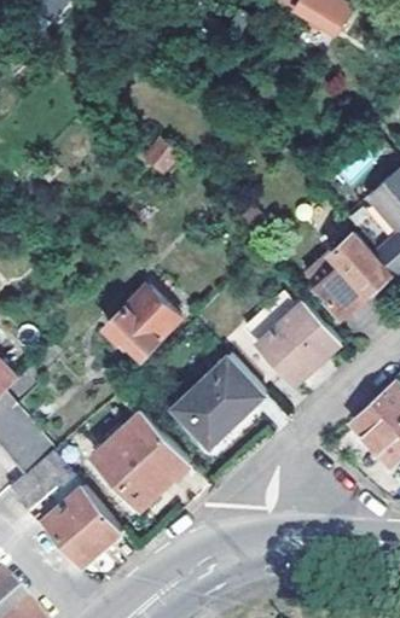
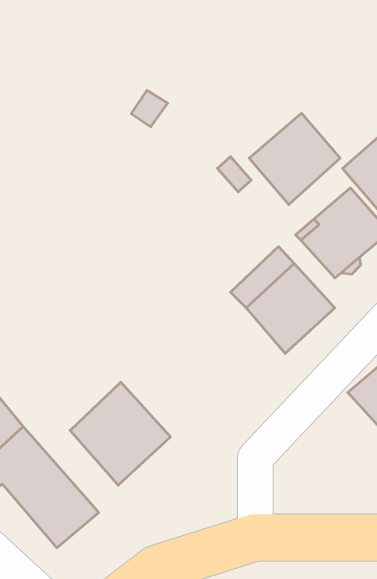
building: none -> [249,113,340,205]
building: [105,287,178,355] -> none
building: [173,357,266,448] -> none

